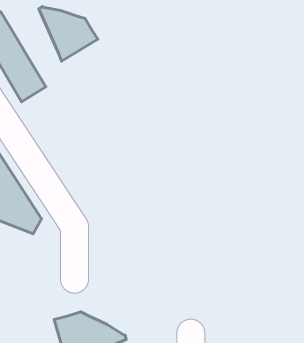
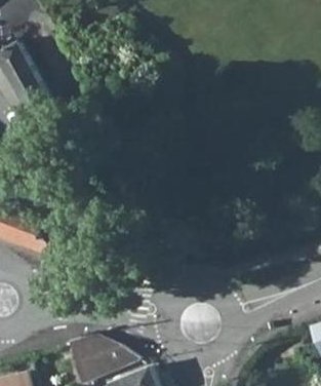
building: [39,7,98,61] -> none

